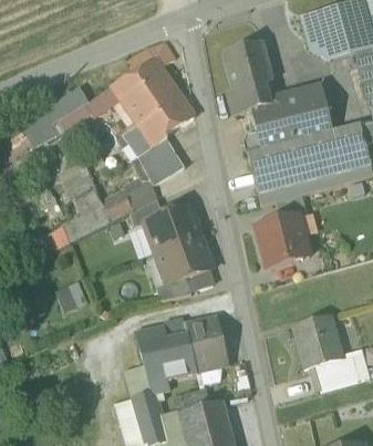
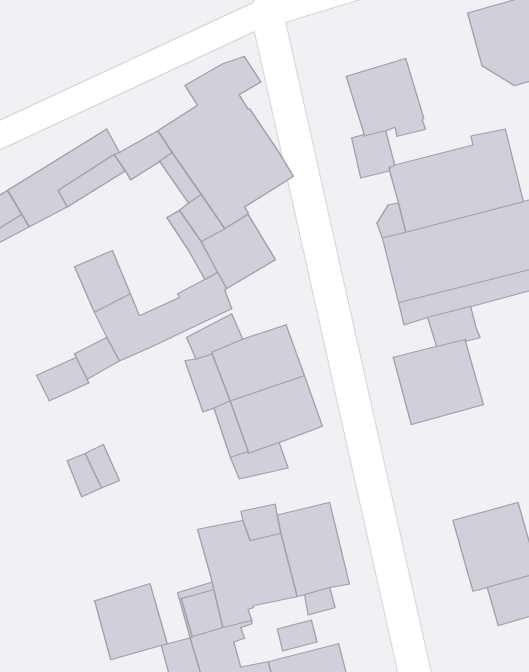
building: none -> [94,584,167,660]

